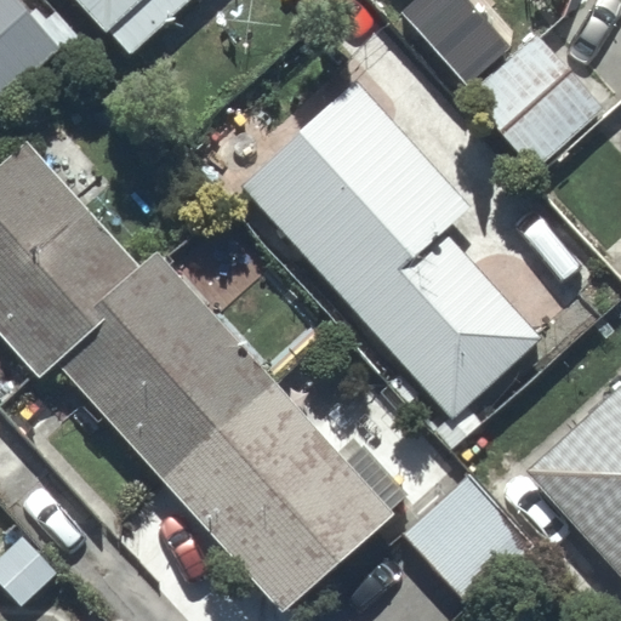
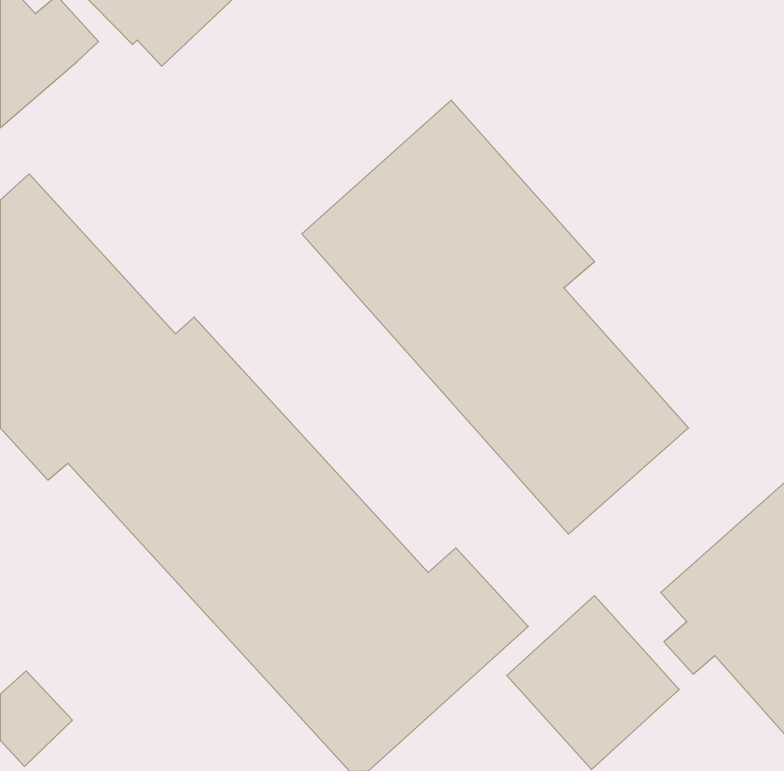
building: [466,32,604,169] -> none

